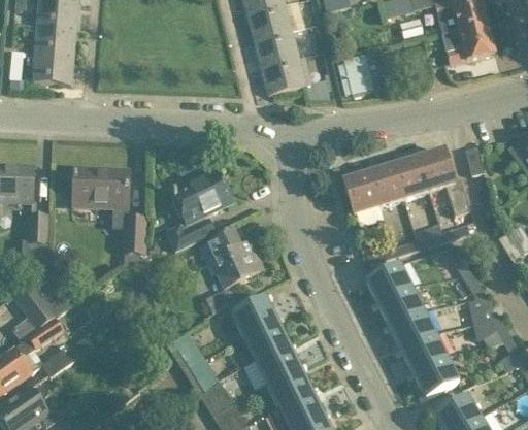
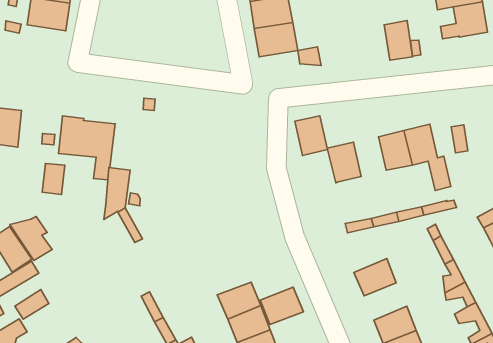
building: [343,52,374,93] -> [384,20,413,60]
building: [368,164,403,205] -> [295,116,328,156]
building: [170,169,231,249] -> none
building: [28,213,48,243] -> [42,164,65,195]
building: [199,225,264,286] -> none
building: [367,262,410,302] -> none
building: [232,296,276,335] -> [260,287,304,325]
building: [391,309,434,349] -> none

